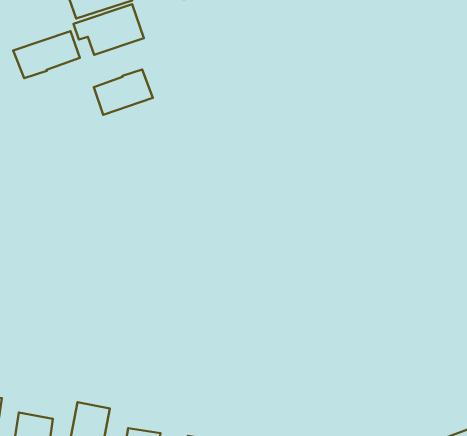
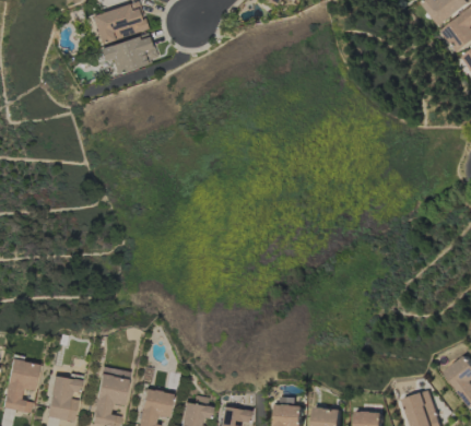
building: [13,31,80,78] -> none
building: [94,70,153,115] -> none

